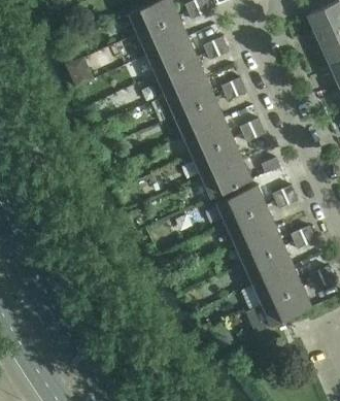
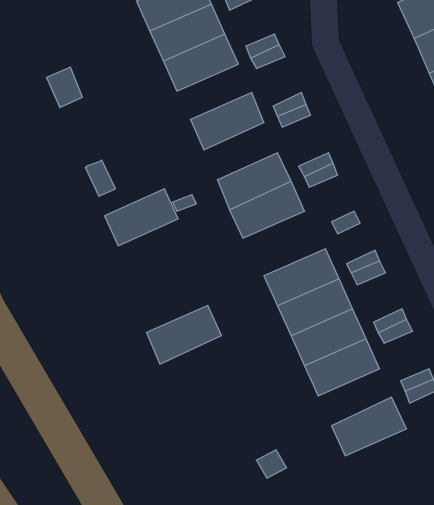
building: [155,57,206,95] -> none
building: [173,97,224,136] -> [105,189,178,246]
building: [200,158,251,198] -> [146,306,221,364]
building: [251,266,302,305] -> none

